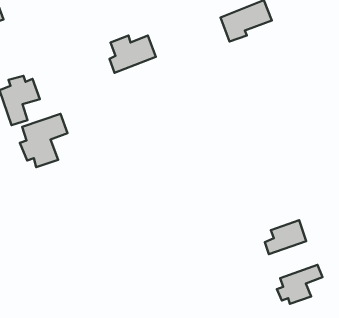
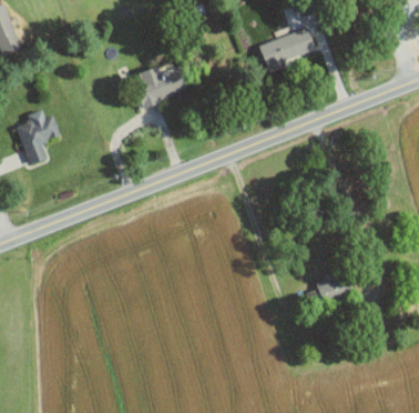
building: [20,114,68,167] -> none
building: [277,265,322,304] -> none

